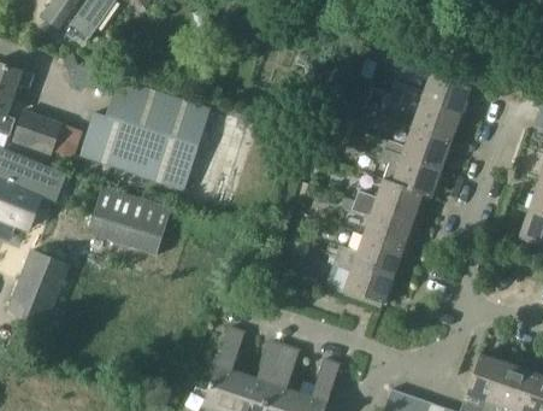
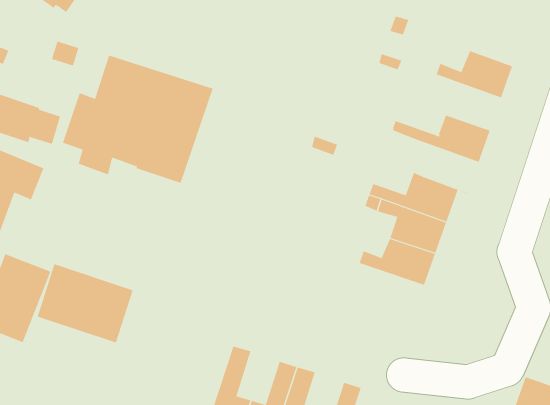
building: [399,94,459,142] -> none
building: [379,149,439,196] -> none
building: [87,188,170,257] -> [37,264,133,343]
building: [332,257,393,303] -> none

